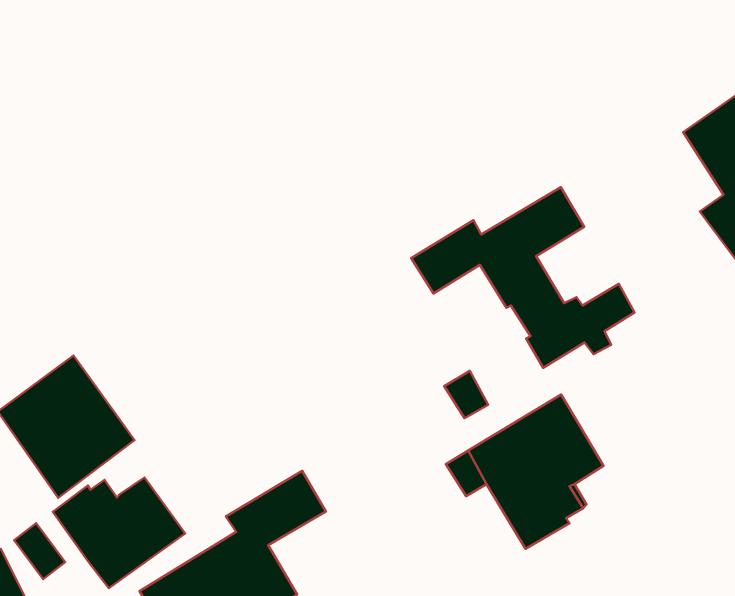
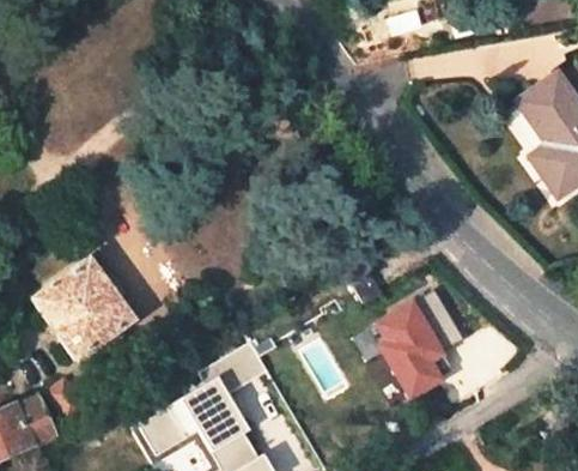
building: [411,187,635,368] -> none
building: [53,478,185,588] -> none

